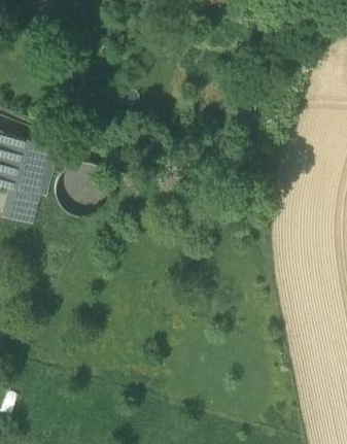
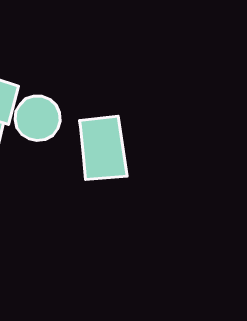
building: none -> [80,116,127,179]

